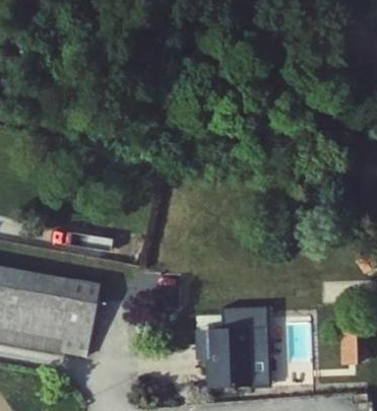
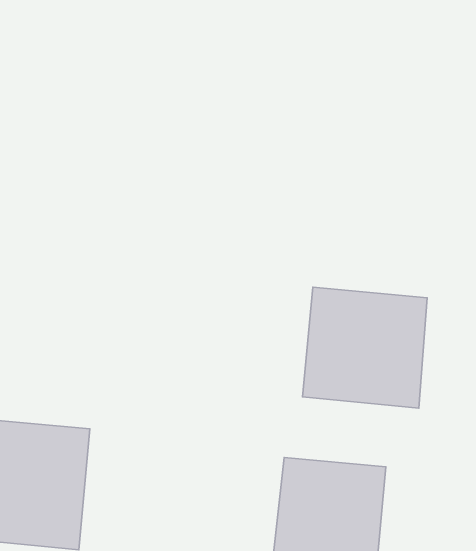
building: none -> [303,287,427,408]

